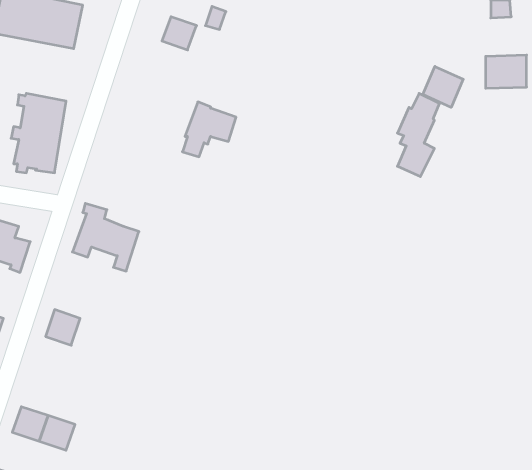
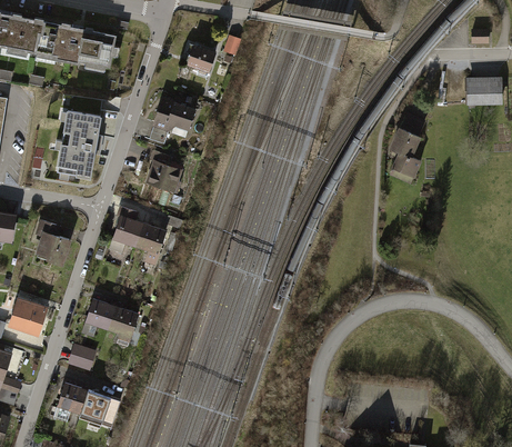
building: [423,66,463,107] -> none
building: [182,102,236,157] -> [149,96,195,143]
building: none -> [144,150,182,192]
building: none -> [107,306,139,341]
building: none -> [67,342,96,370]

